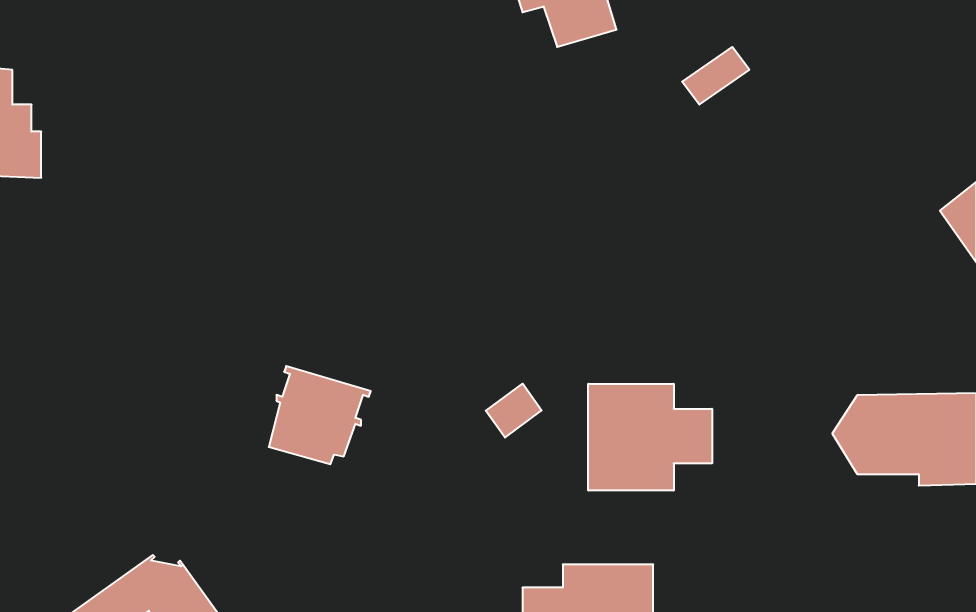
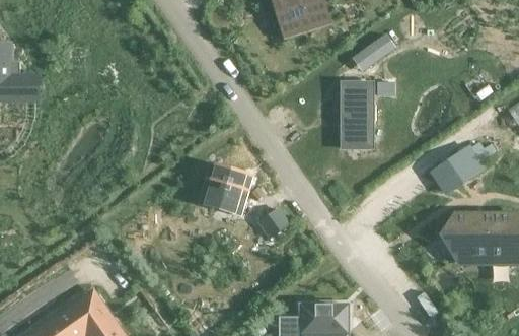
building: none -> [342,83,372,148]
building: none -> [429,145,486,197]
building: [269,366,371,464] -> [201,161,254,213]
building: [588,384,712,491] -> none

